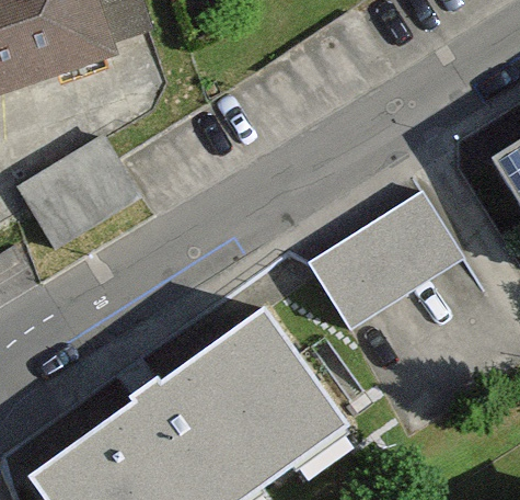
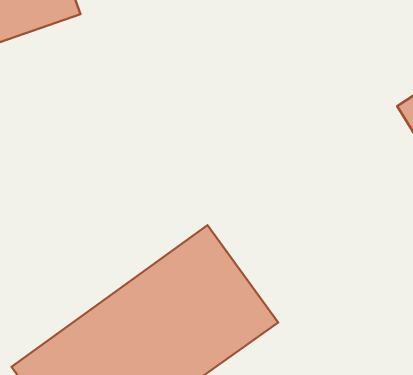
building: [21,128,149,242] -> none
building: [309,192,465,331] -> none

